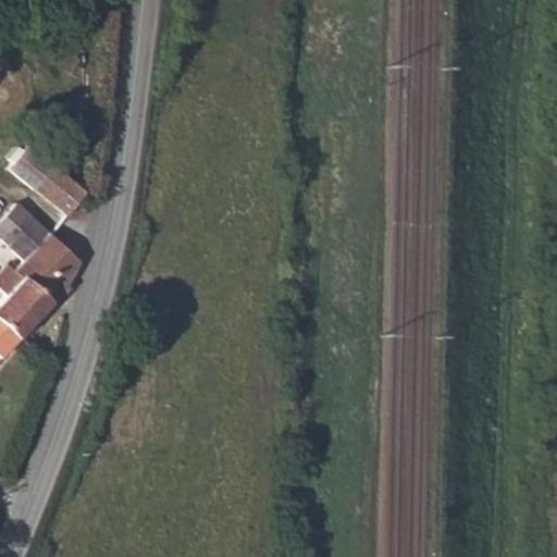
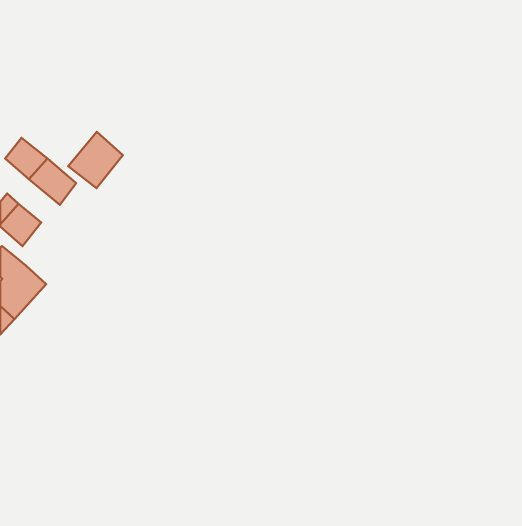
building: none -> [68,132,123,188]
building: [20,235,78,300] -> none

